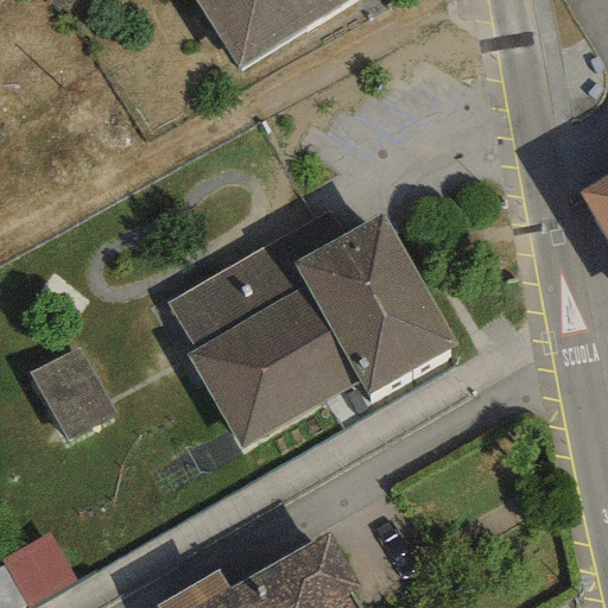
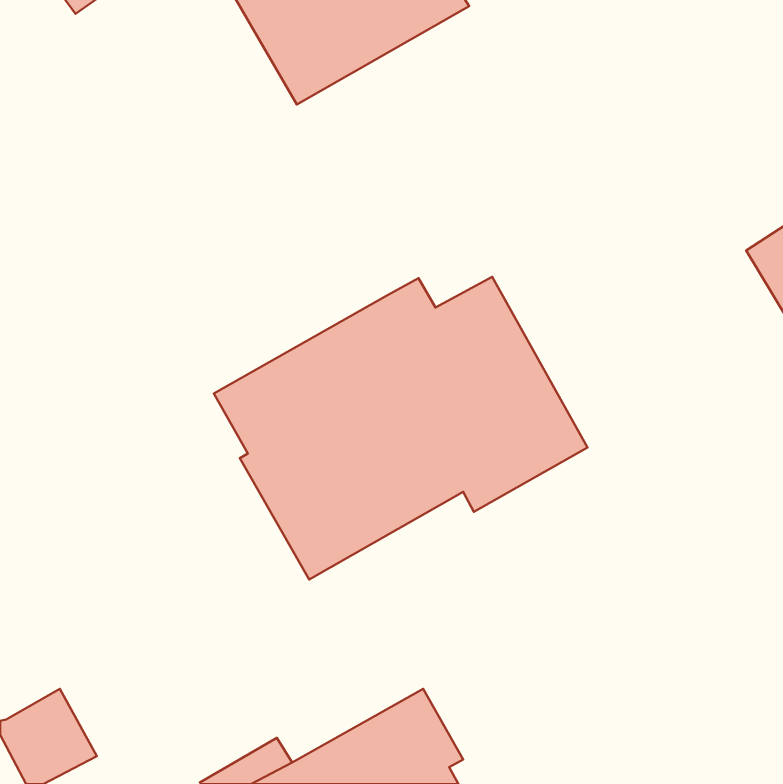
building: [36,350,122,445] -> none

